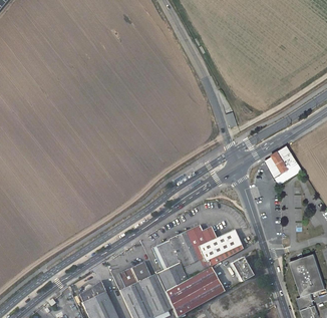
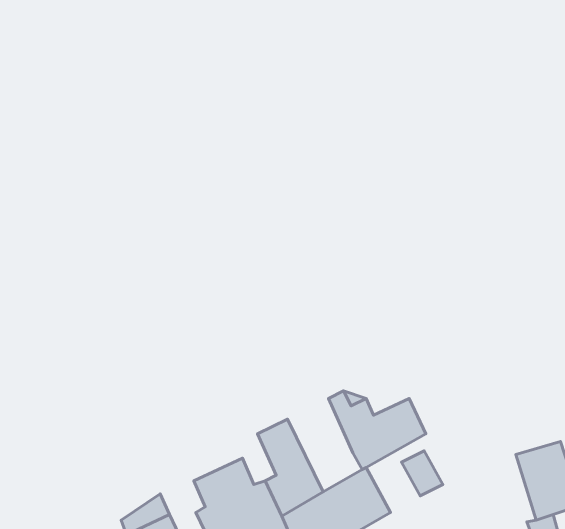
building: [265,146,298,178] -> none
building: [169,230,206,277] -> none

